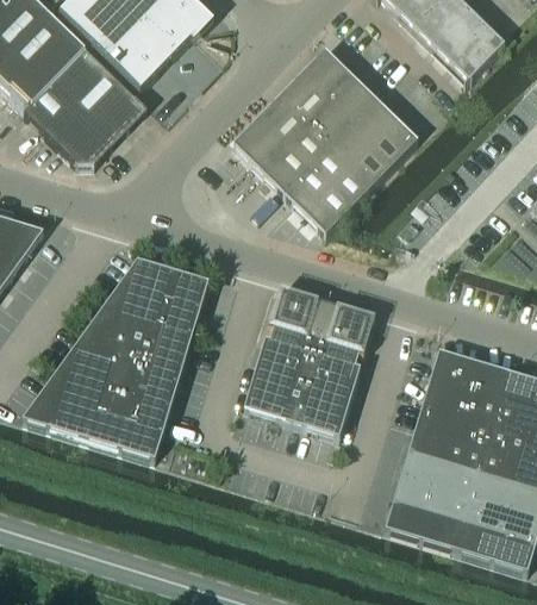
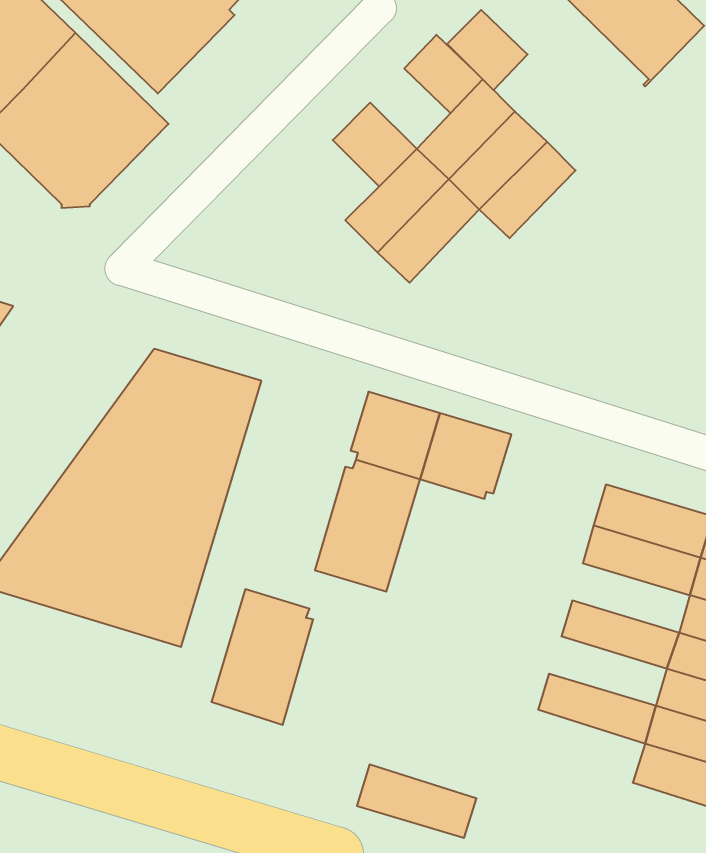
building: [281,71,335,125] -> [447,10,528,90]
building: [233,119,287,173] -> none
building: [307,166,374,232] -> none
building: [292,345,360,436] -> [211,589,313,725]
building: [416,401,494,448] -> none
building: [400,450,479,497] -> none
building: [385,499,464,548] -> [357,765,477,838]

